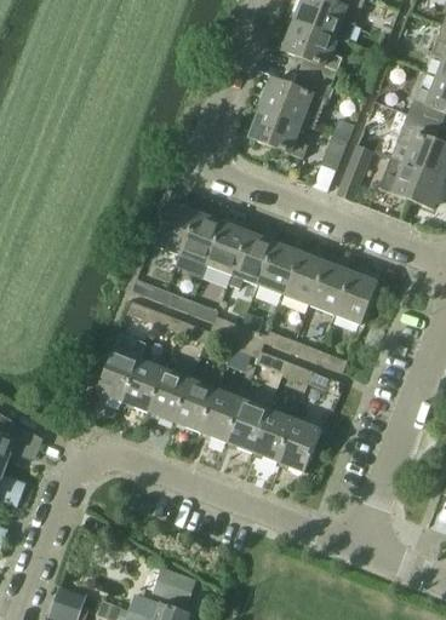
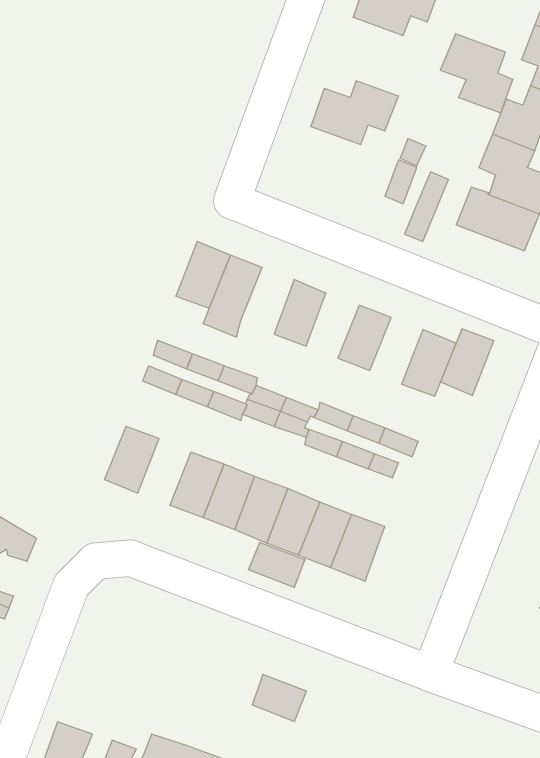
building: [282,22,341,85] -> [440,34,513,113]
building: [248,109,308,159] -> none
building: [205,222,247,275] -> none
building: [257,242,299,294] -> none
building: [308,262,350,315] -> [441,329,494,396]
building: [122,358,165,412] -> none
building: none -> [249,542,305,588]
building: [151,567,195,604] -> [252,675,307,722]

